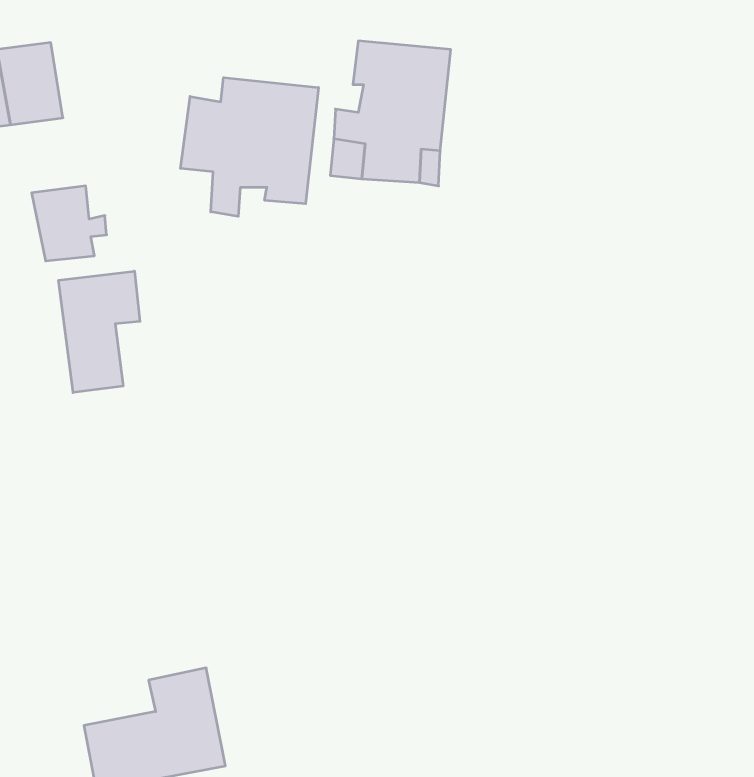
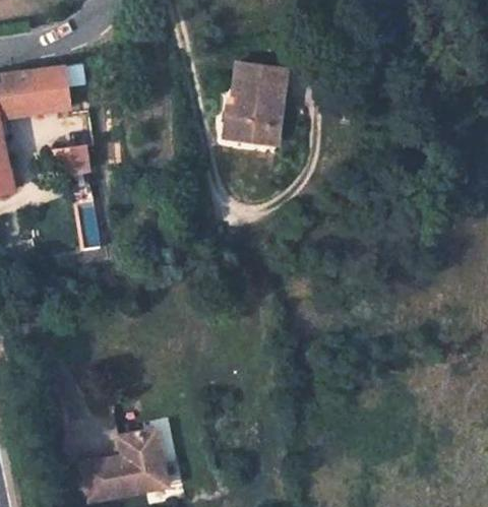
building: [180,78,318,216] -> none
building: [59,271,140,393] -> none

